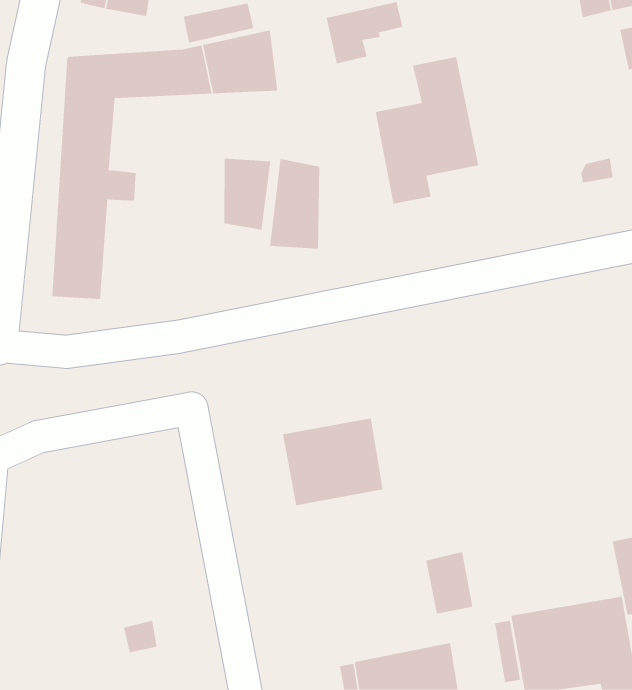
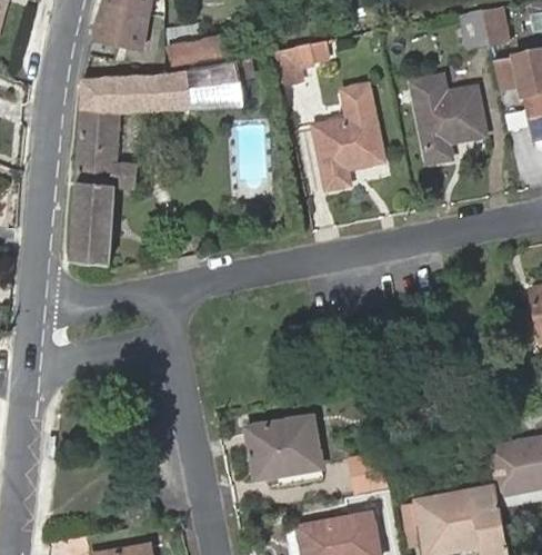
building: none -> [412,76,485,163]
building: [224,158,271,231] -> none
building: [269,158,320,250] -> none
building: [282,418,384,506] -> [244,417,320,483]

